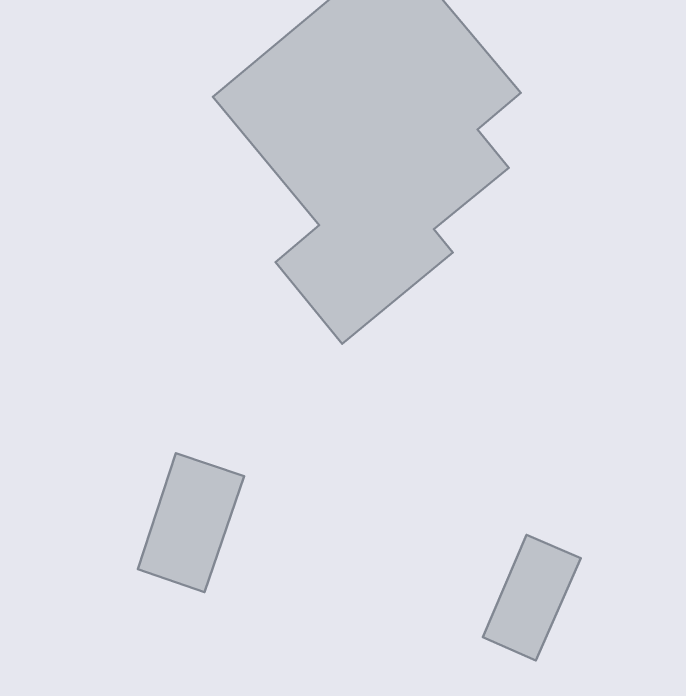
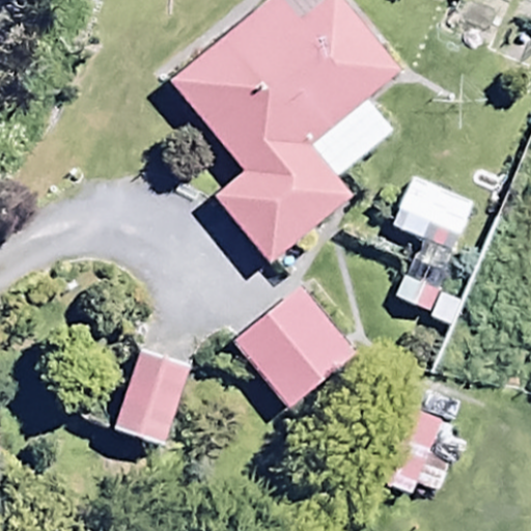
building: none -> [390,177,477,317]
building: none -> [228,283,360,415]

